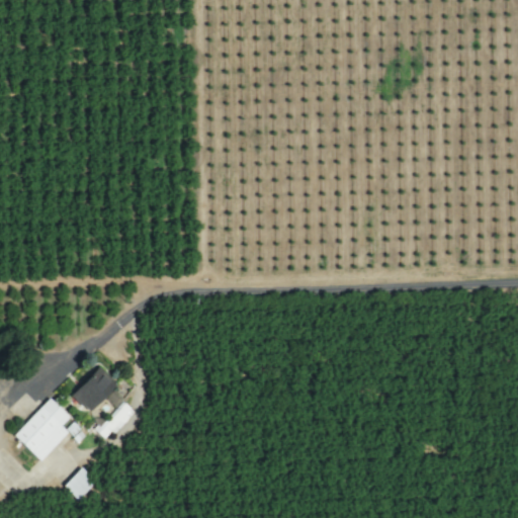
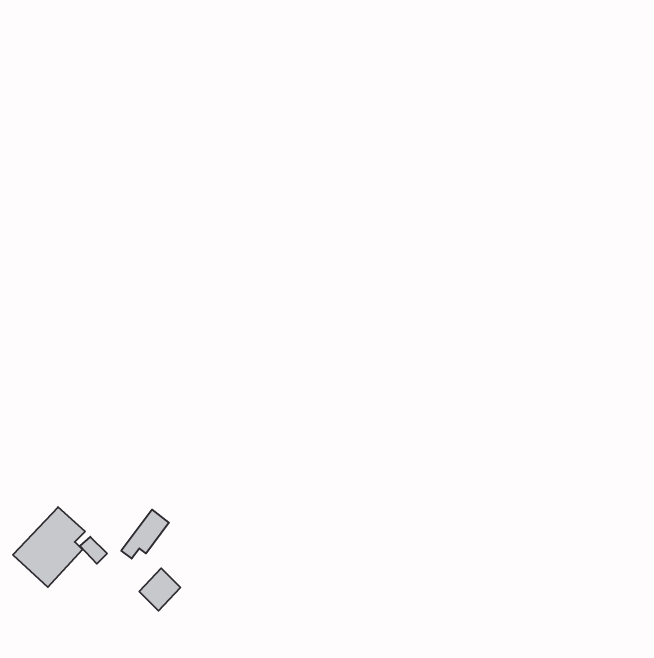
building: [72,366,118,413] -> none
building: [65,468,97,502] -> [139,568,180,611]

